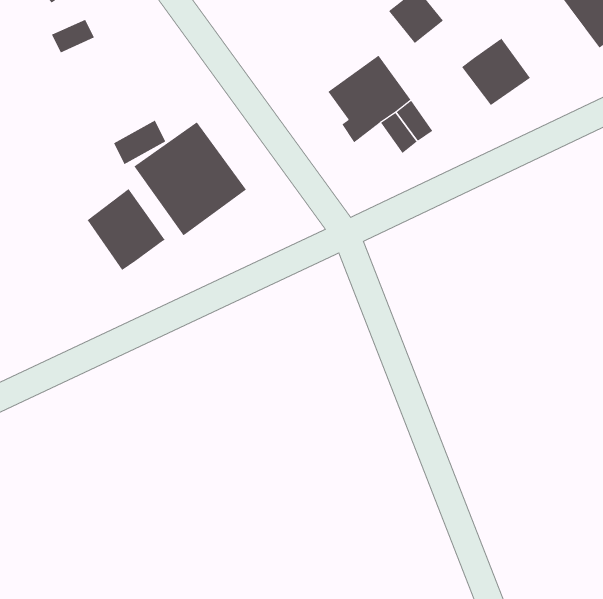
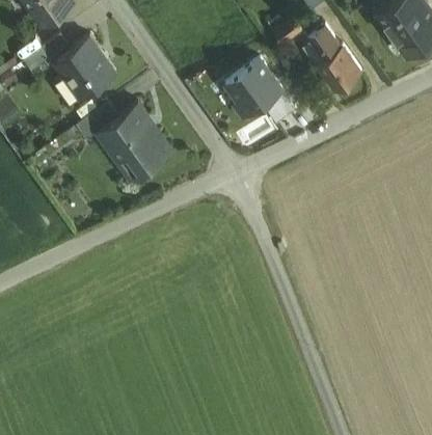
building: none -> [307,26,341,60]
building: none -> [53,36,114,98]
building: [87,188,165,271] -> none

